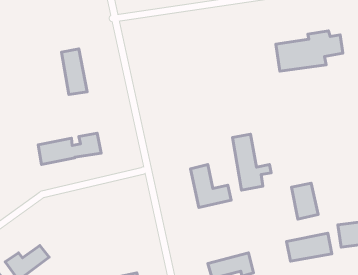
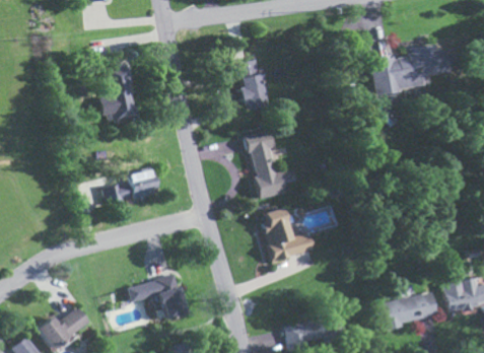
building: none -> [236,59,268,111]
building: [232,134,271,190] -> [248,130,295,199]
building: [292,183,318,219] -> none
building: none -> [128,275,186,319]

